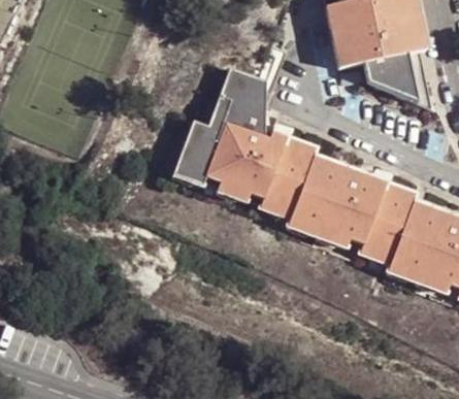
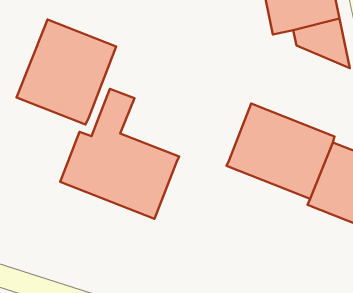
building: none -> [17,20,116,125]
building: [173,61,319,220] -> [60,89,179,219]

